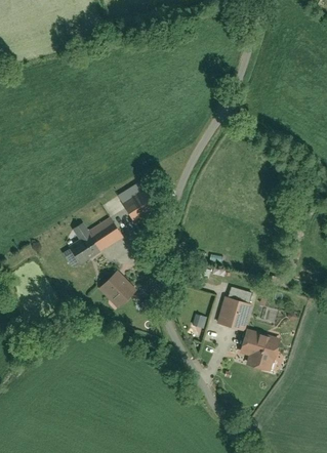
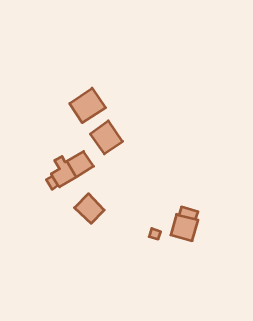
building: none -> [70,88,106,123]
building: [239,329,283,373] -> none

